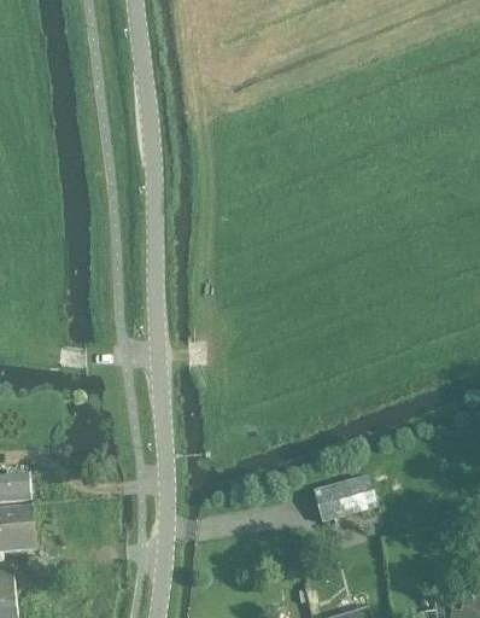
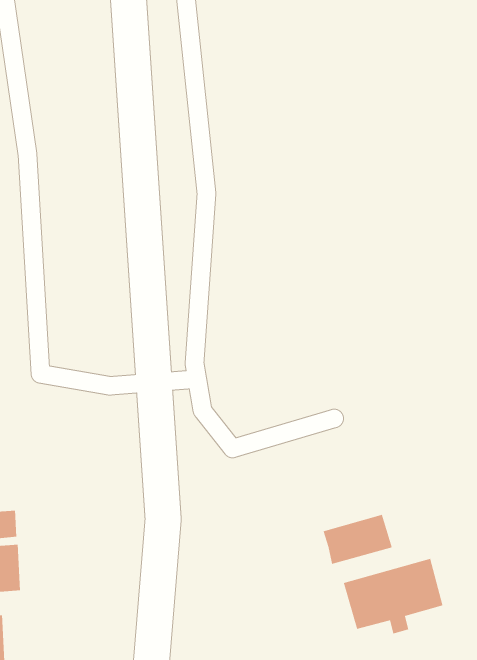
building: none -> [343,558,443,634]

